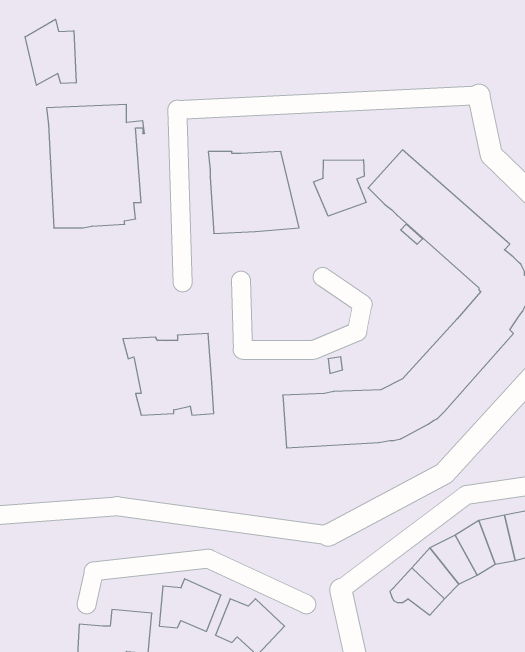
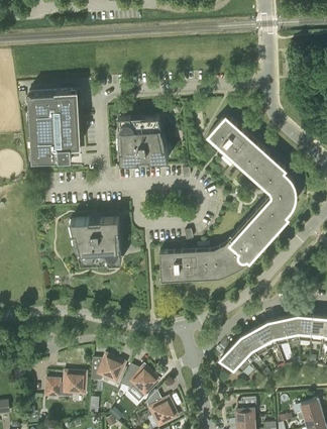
building: [25,19,76,85] -> none
building: [314,160,366,216] -> none

